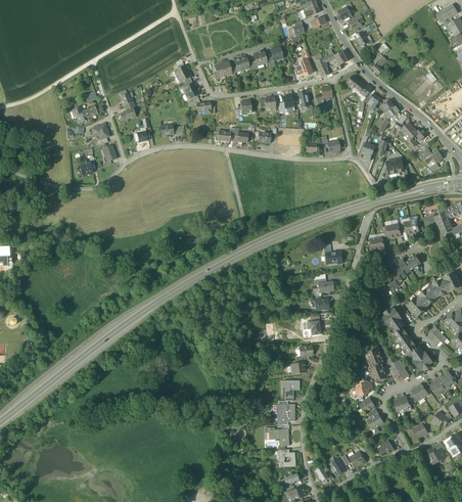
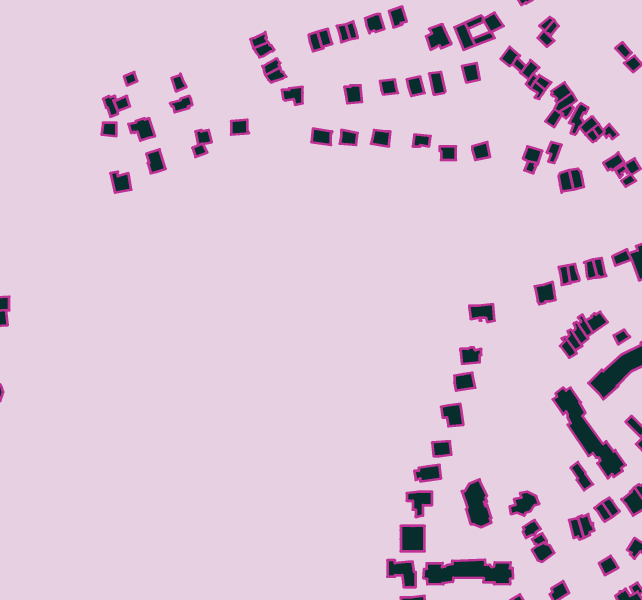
building: [366,347,386,379] -> [462,479,491,527]
building: none -> [424,560,513,584]

